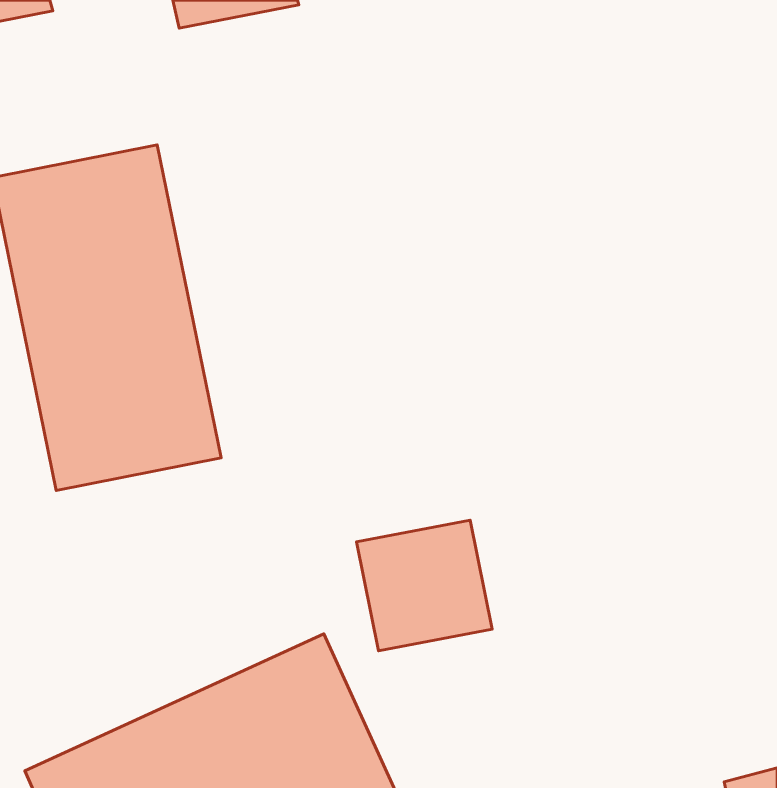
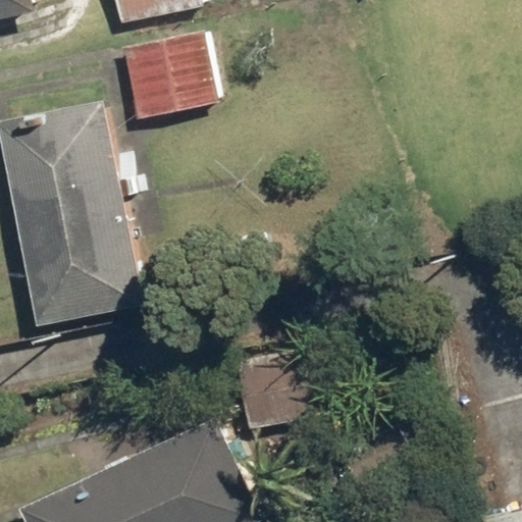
building: none -> [117,33,214,121]

